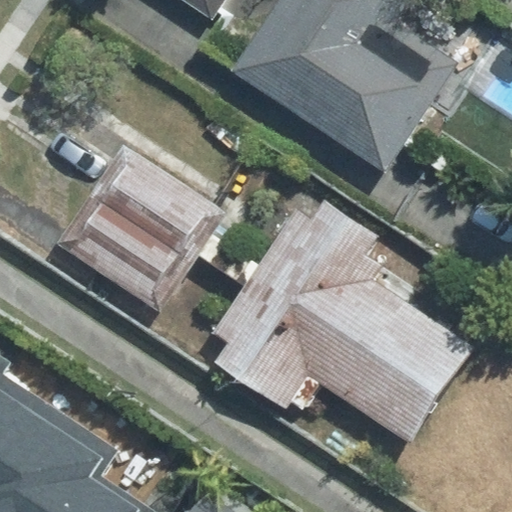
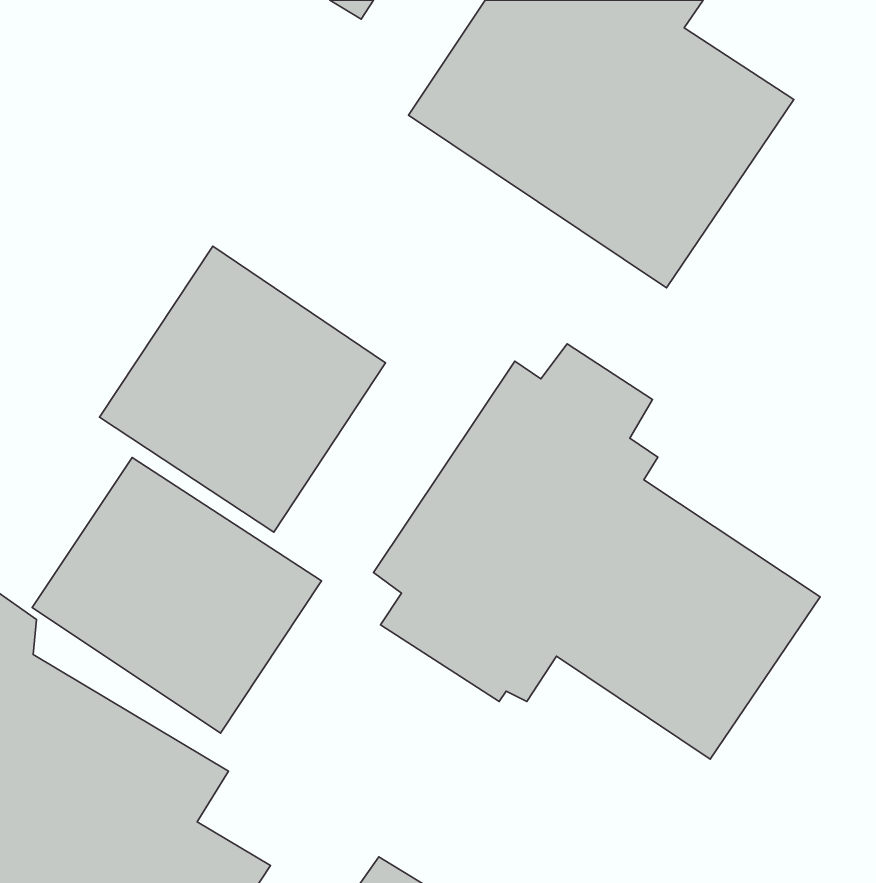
building: none -> [32,458,321,733]

